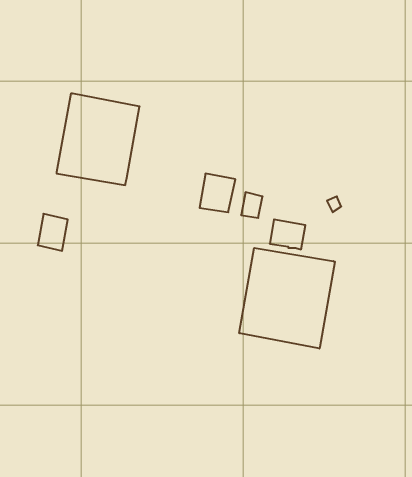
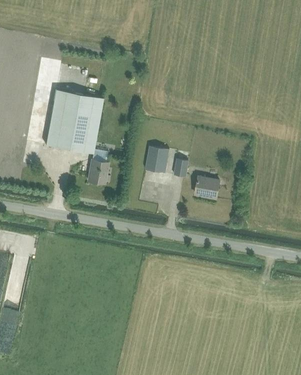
building: [38,214,68,251] -> [88,159,109,185]
building: [239,248,335,349] -> none

